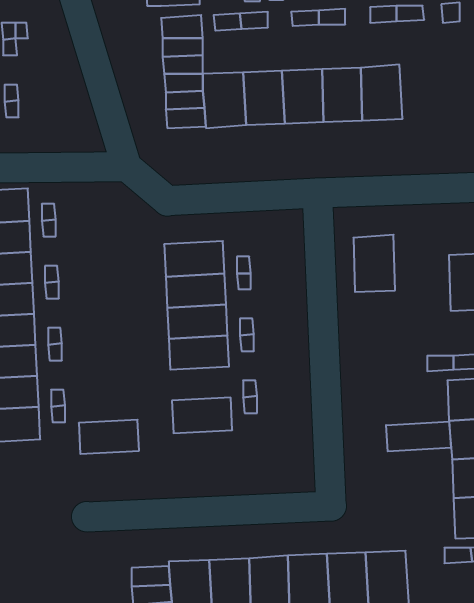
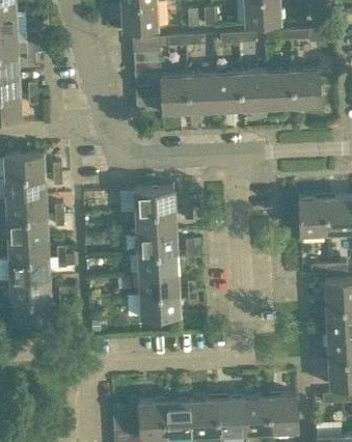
building: none -> [292,70,321,107]
building: [353,235,395,292] -> [298,198,326,237]
building: [79,420,139,454] -> [138,273,179,296]
building: [386,421,451,451] -> none

